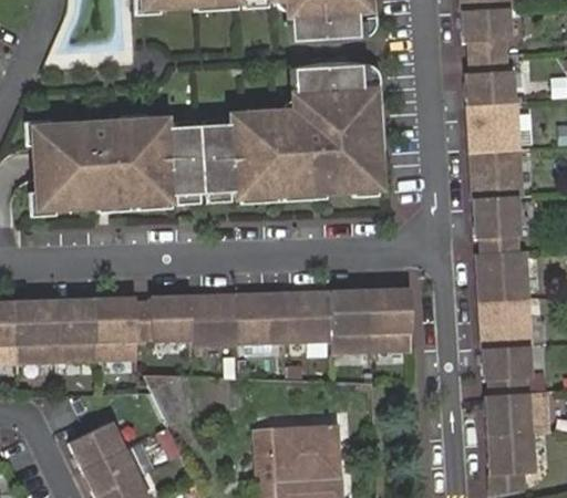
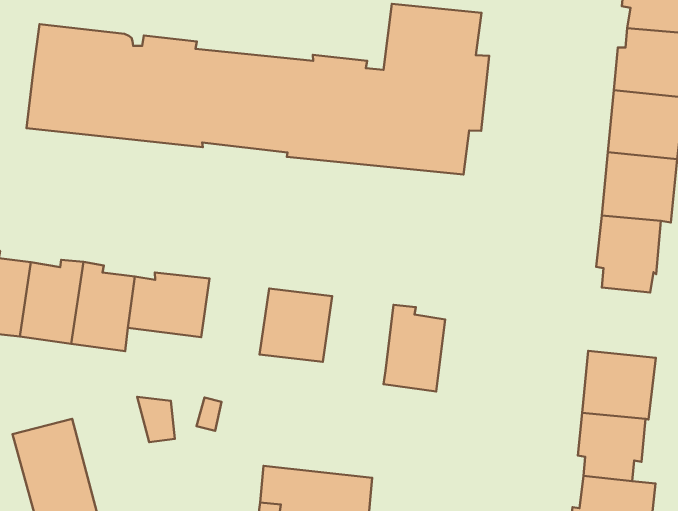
building: [476,251,530,302] -> none
building: [370,289,412,351] -> none
building: [284,292,332,343] -> none
building: [190,295,237,346] -> none

